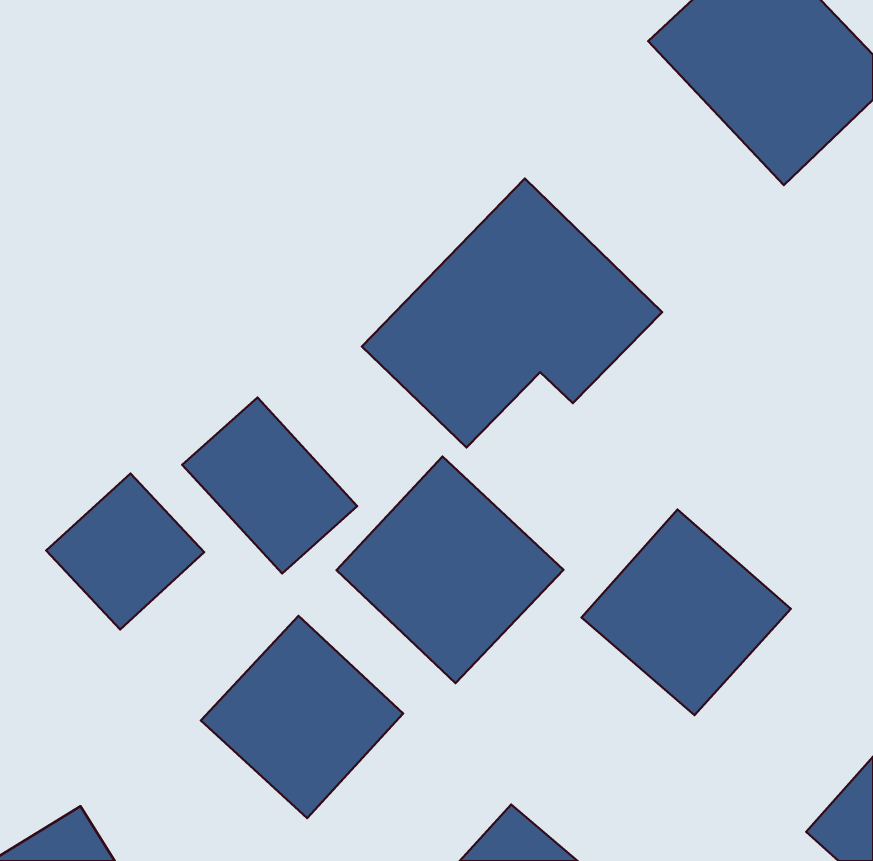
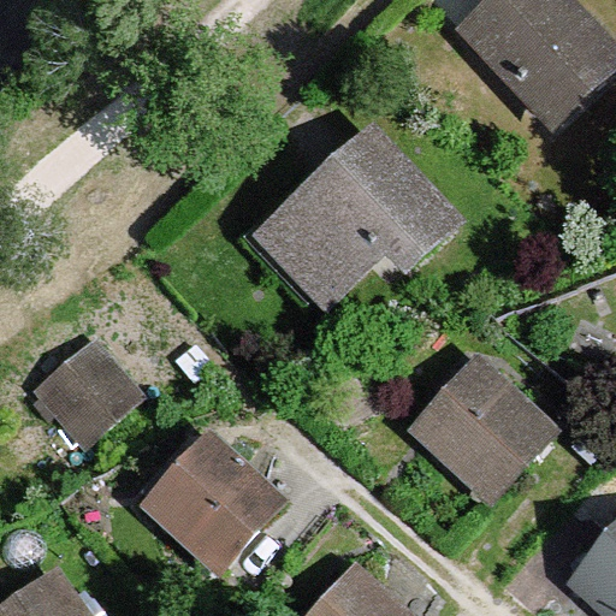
building: [182,398,357,574] -> none
building: [336,457,563,683] -> none

